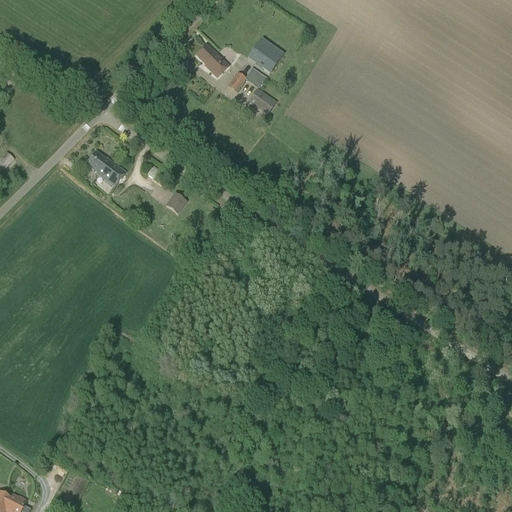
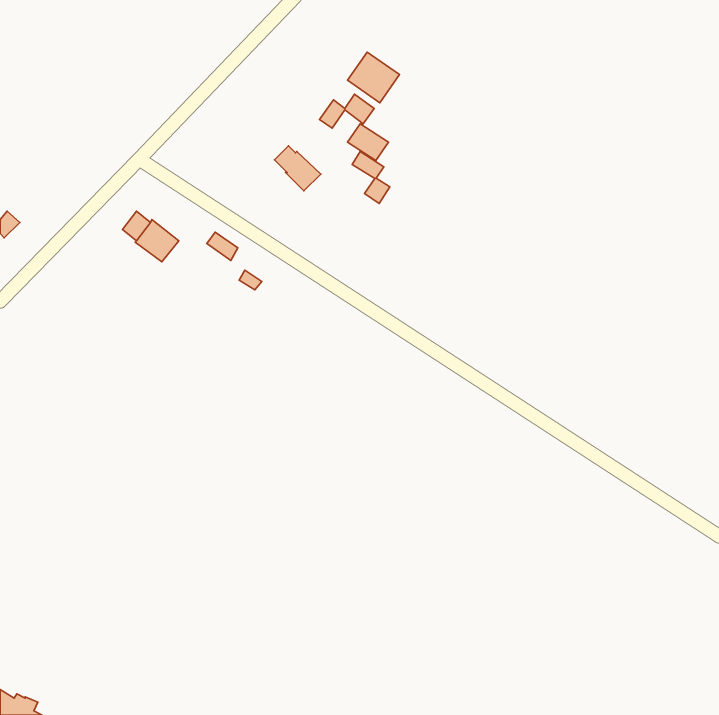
building: [197,44,230,76] -> [274,146,321,191]
building: none -> [352,151,390,203]

